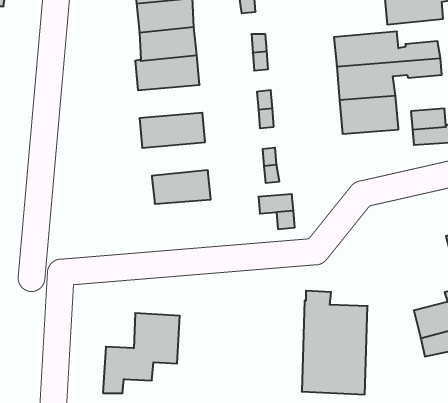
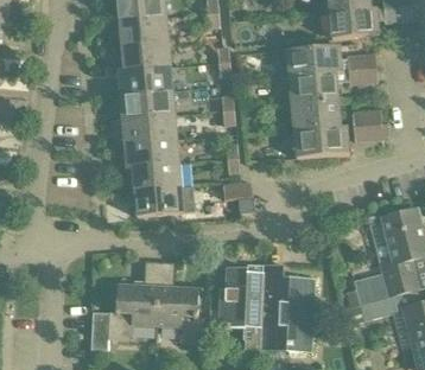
building: none -> [120,89,175,117]
building: none -> [293,125,349,157]
building: none -> [123,138,179,168]
building: none -> [134,185,196,216]
building: none -> [217,262,262,349]
building: none -> [153,285,204,343]

